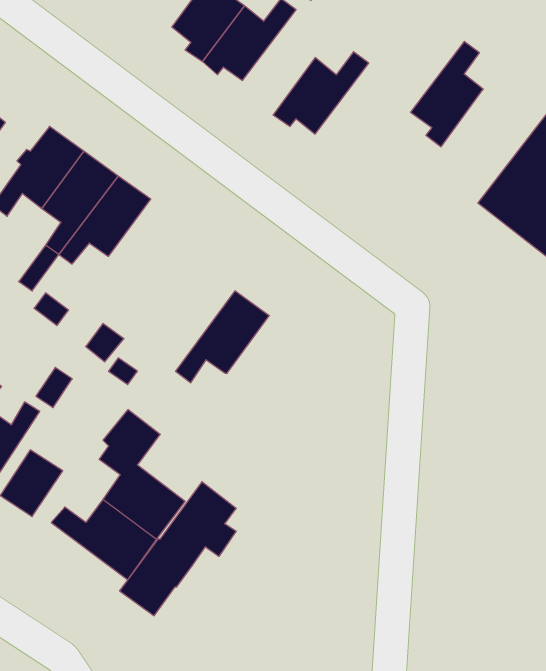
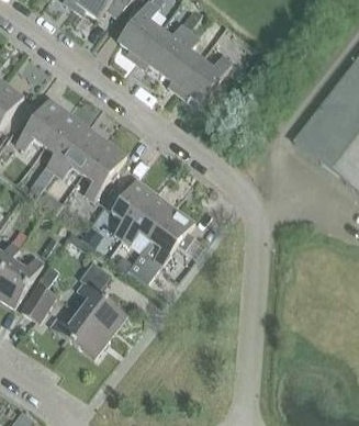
building: [411,41,483,147] -> [159,31,201,91]
building: none -> [82,139,126,200]
building: none -> [111,178,155,238]
building: [120,482,236,616] -> [127,206,194,283]

